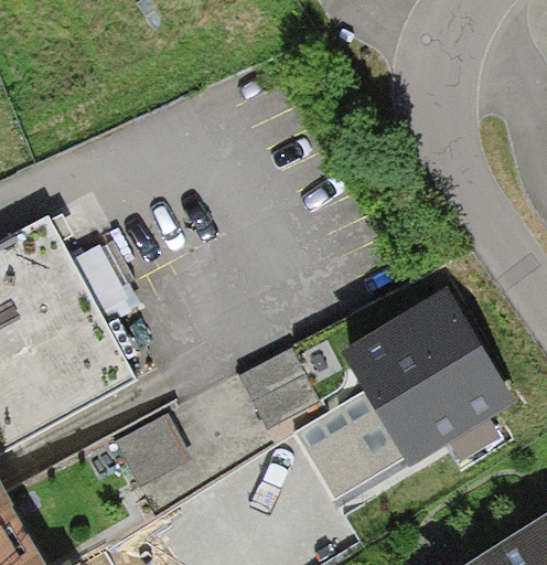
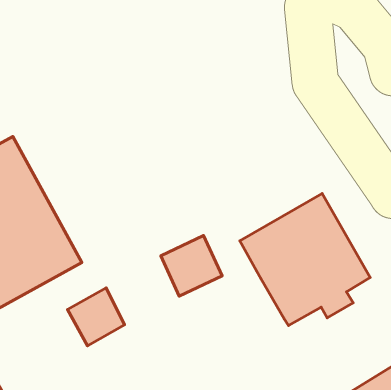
building: [297,392,400,494] -> none

